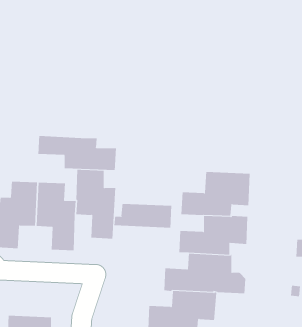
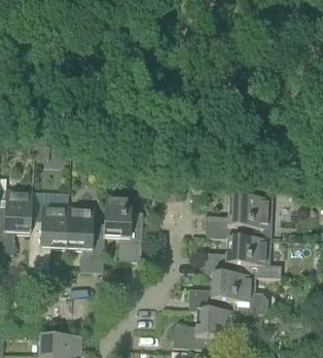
building: [38,135,116,171] -> none
building: [114,203,172,228] -> none

